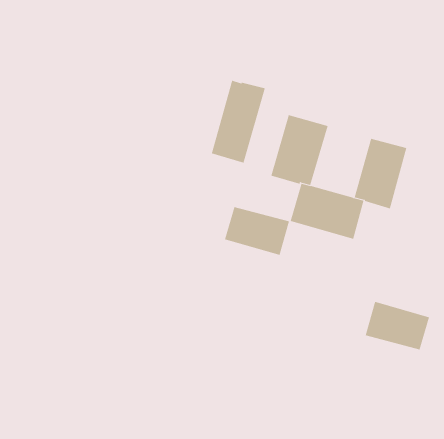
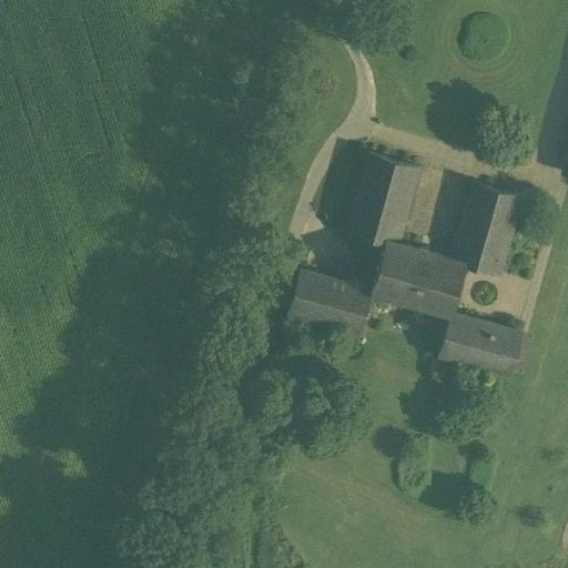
building: [211,80,265,163] -> none
building: [365,301,430,350] -> [440,314,523,376]

